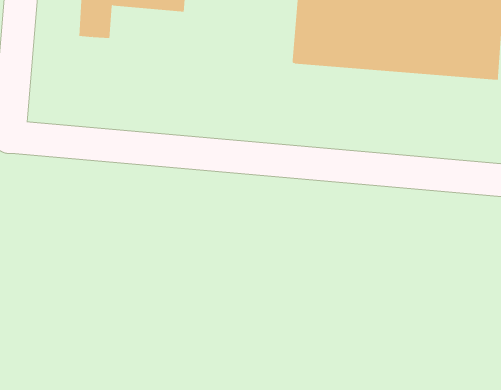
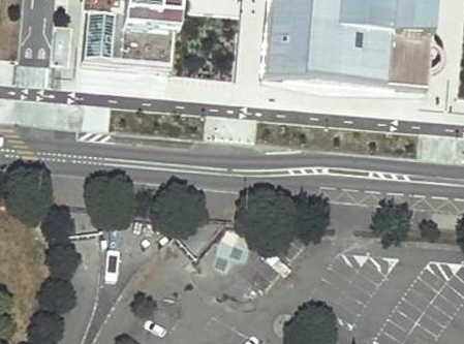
building: none -> [114,28,175,60]

